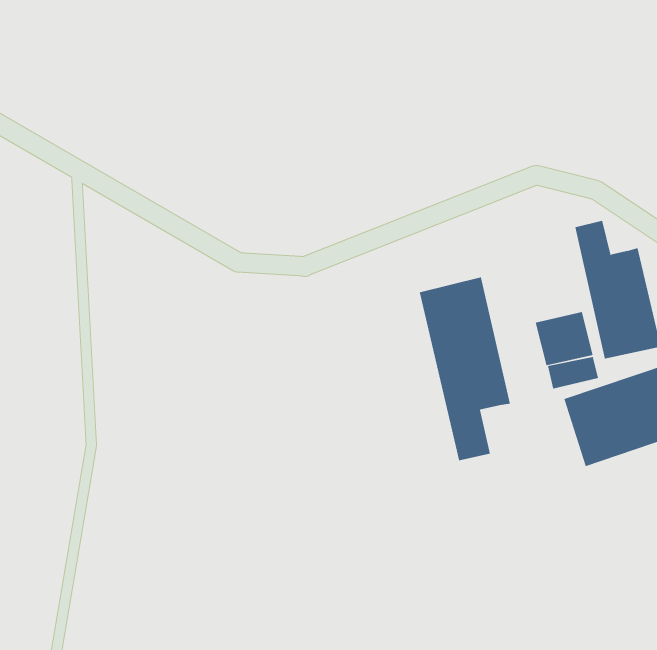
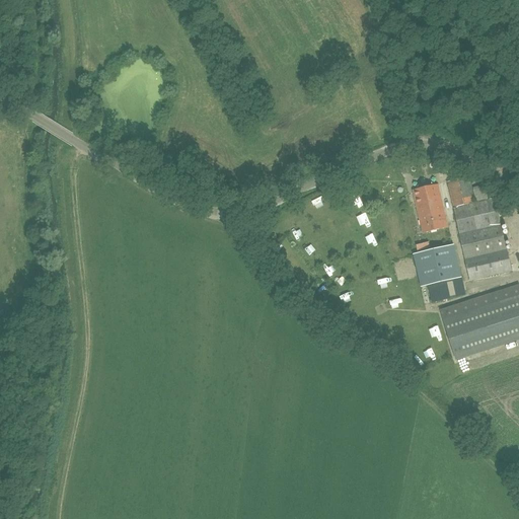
building: none -> [413,184,447,233]
building: [419,276,511,461] -> none

